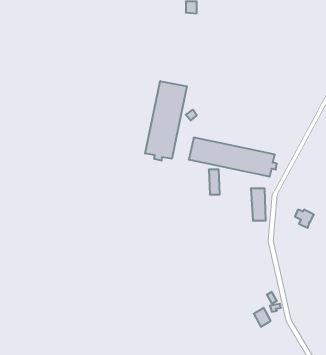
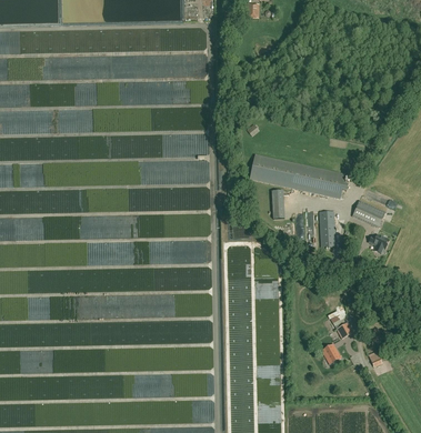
building: [145,81,187,161] -> none
building: none -> [352,200,384,226]

